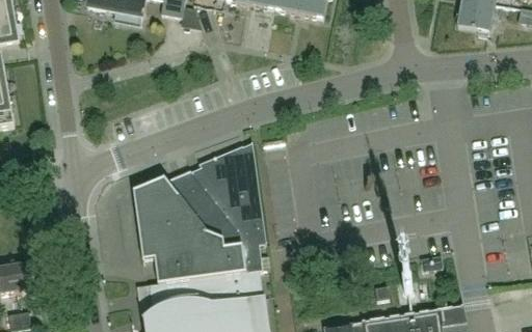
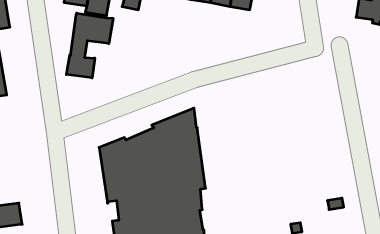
building: none -> [66,13,113,78]

